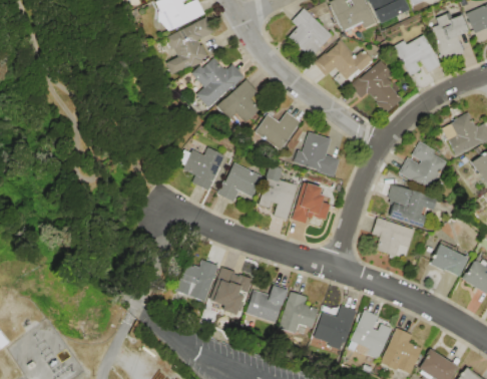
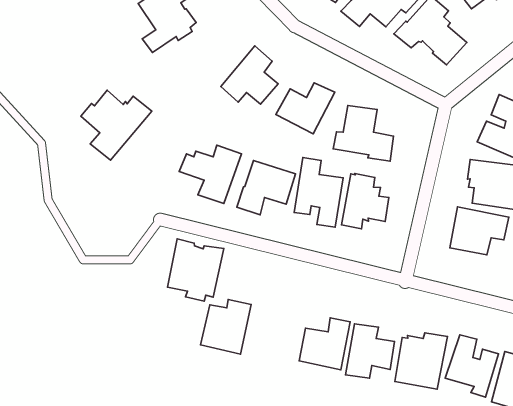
building: [192,57,245,108] -> [81,90,152,160]
building: [210,267,256,315] -> [168,239,224,301]

